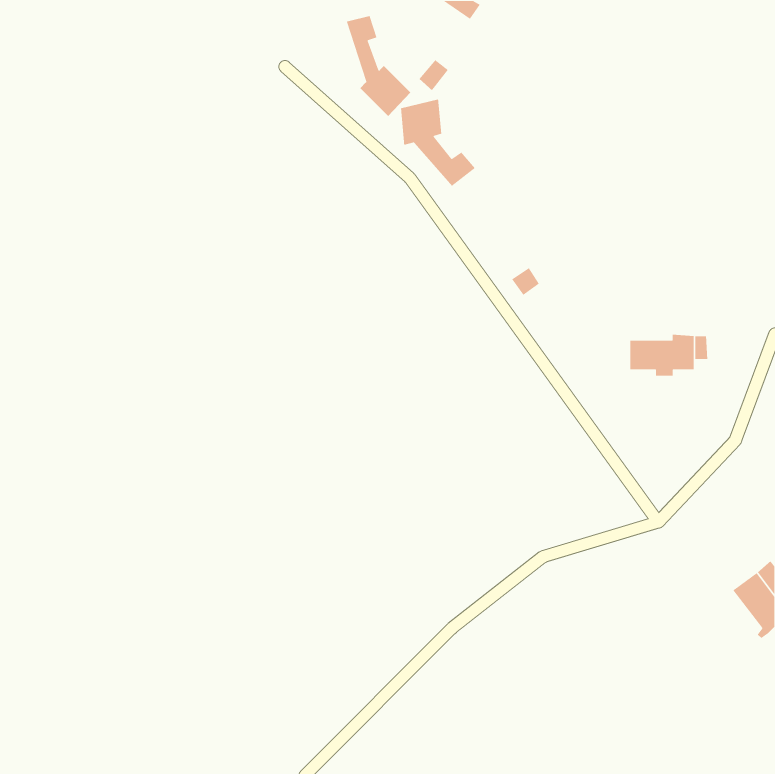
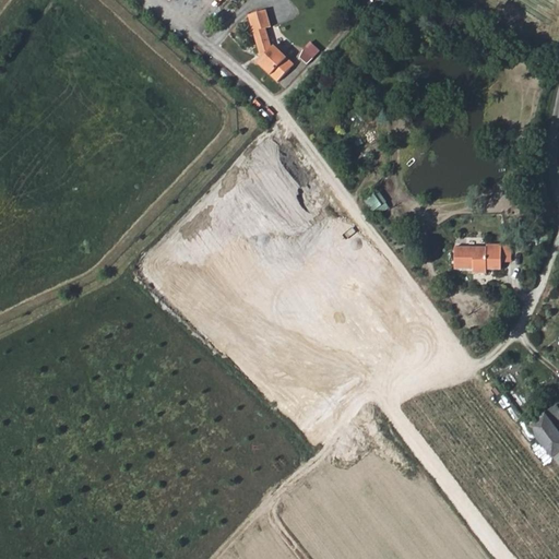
building: [400,98,476,187] -> none

